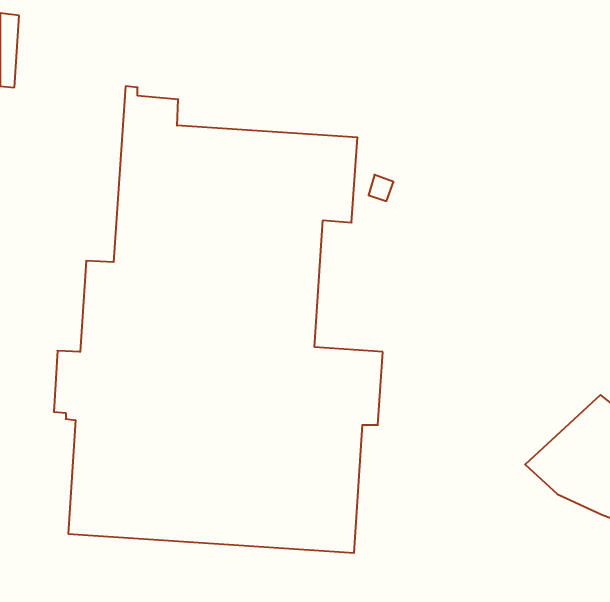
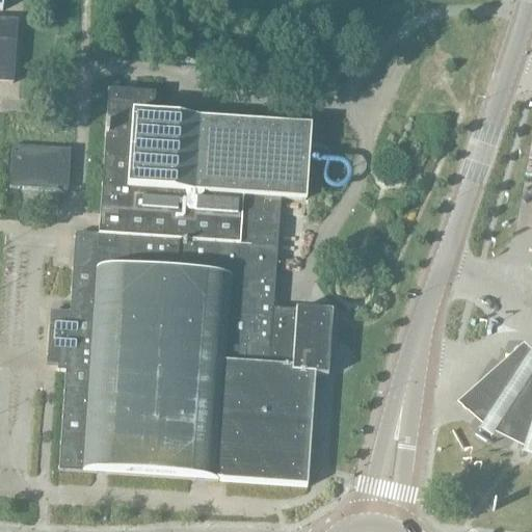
building: none -> [10,138,72,184]

